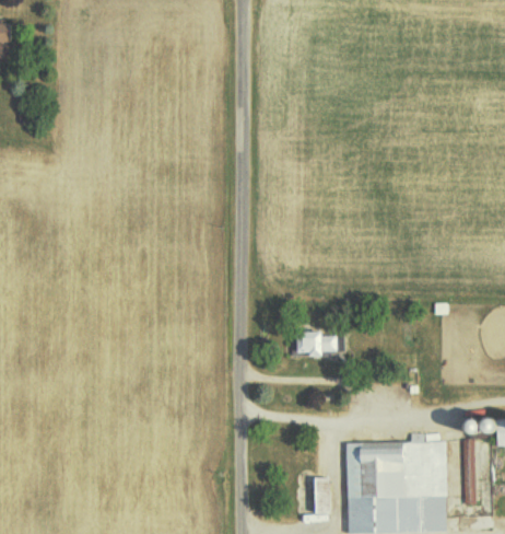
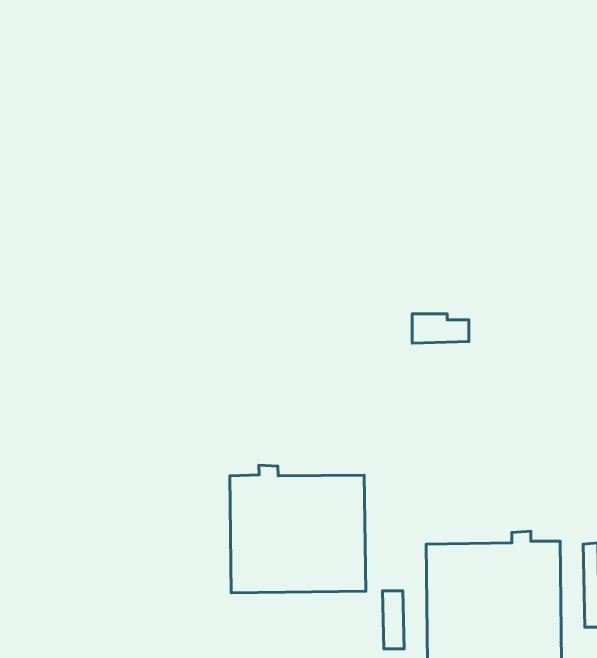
building: [293,330,336,352] -> [412,314,469,343]
building: none -> [230,465,366,593]

